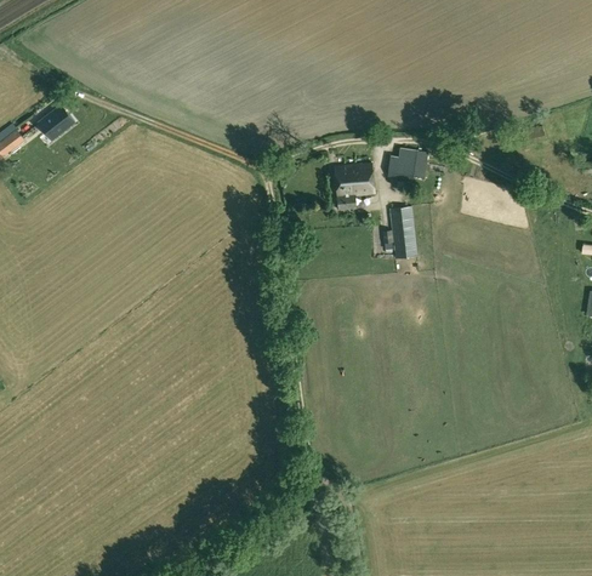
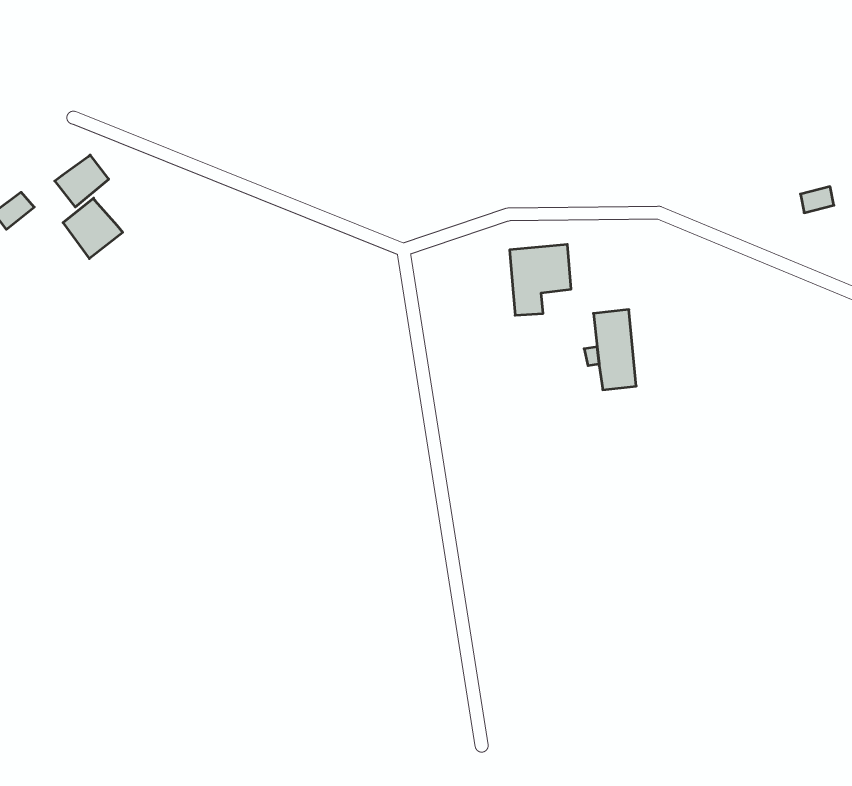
building: none -> [63,198,123,259]
building: [387,148,428,182] -> none

